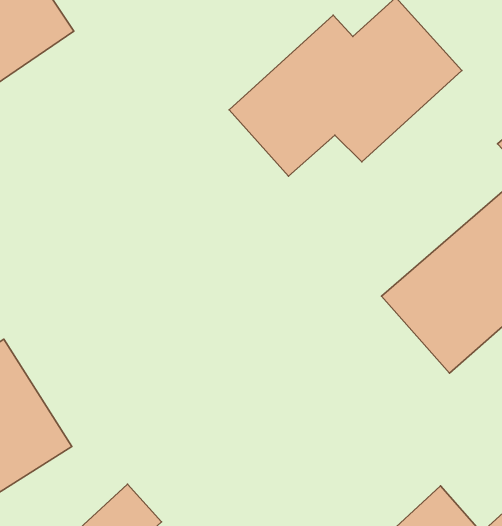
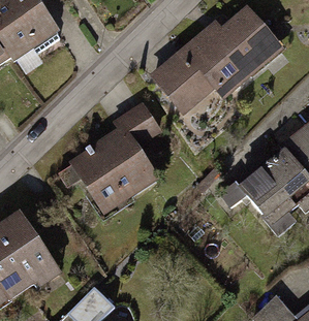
building: none -> [70,100,163,218]

